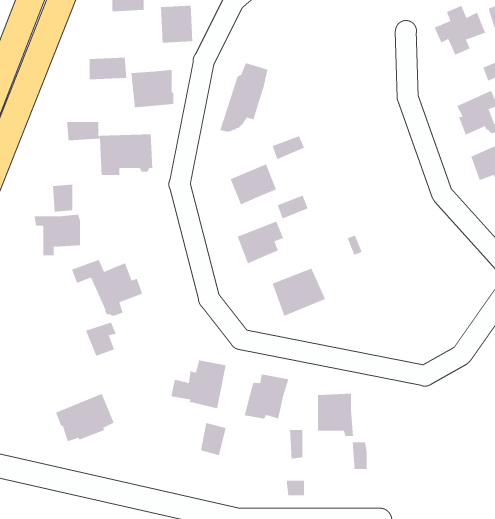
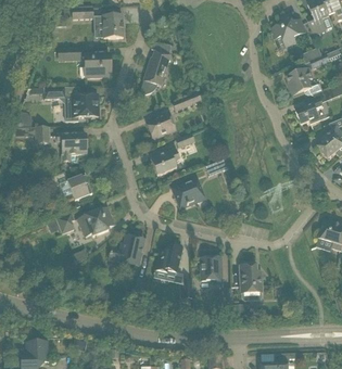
building: [34,214,81,256] -> [56,132,86,158]
building: [55,393,114,442] -> [77,205,114,236]
building: none -> [239,262,262,300]

